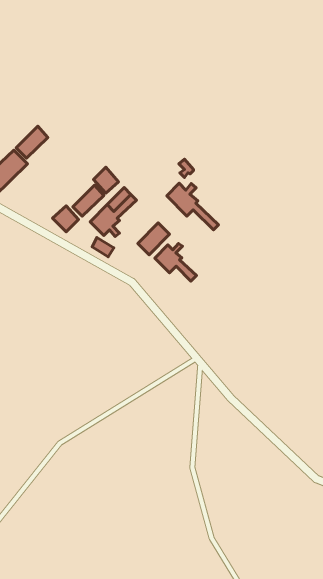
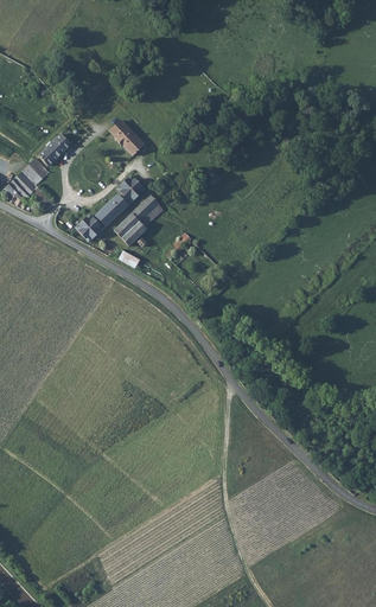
building: none -> [111,120,145,154]
building: [167,183,219,230] -> none
building: [155,243,196,281] -> none

